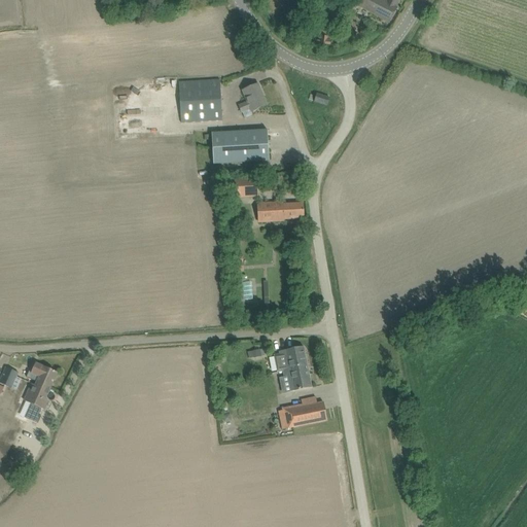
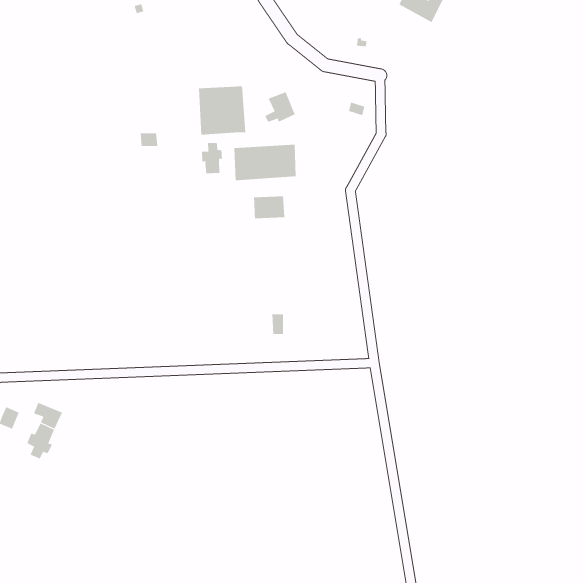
building: none -> [201,142,223,174]
building: [256,201,303,221] -> none
building: [272,345,310,389] -> none
building: [277,396,326,428] -> none

